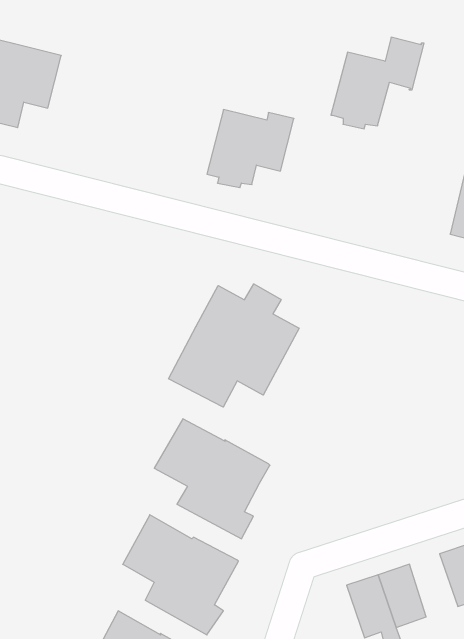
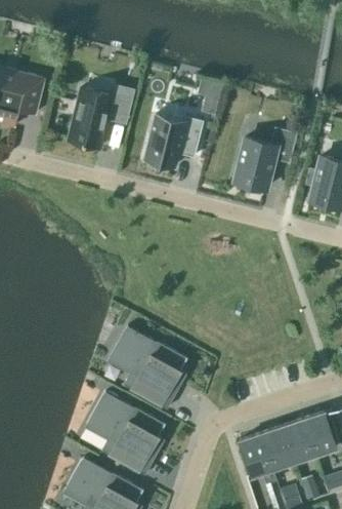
building: [331,37,424,129] -> [233,129,297,192]
building: none -> [67,88,131,149]
building: [169,284,299,407] -> none
building: none -> [282,420,314,463]

